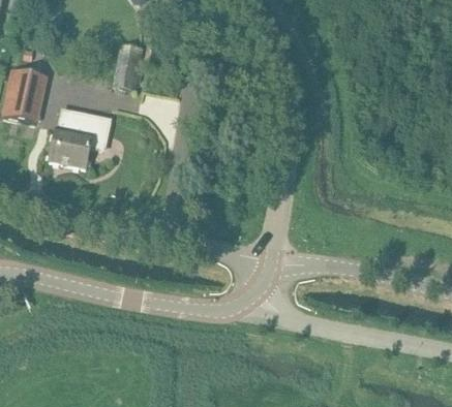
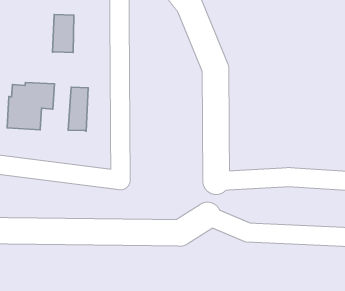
building: none -> [68,87,88,131]

